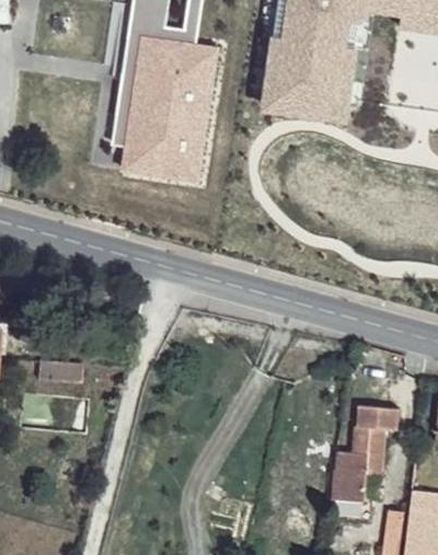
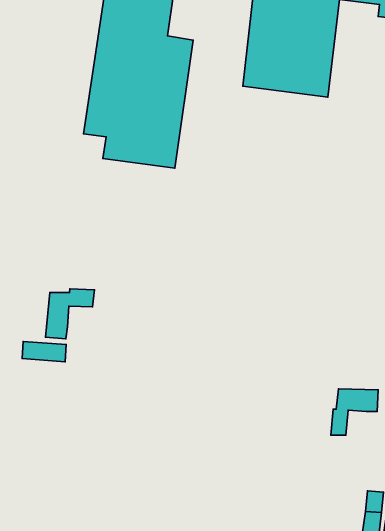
building: none -> [46,289,94,339]
building: [334,429,389,501] -> none

